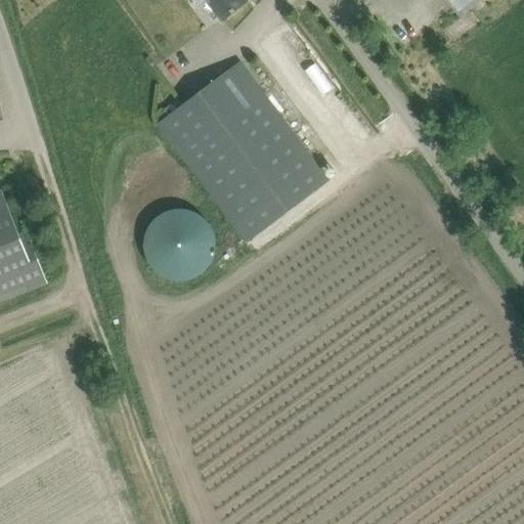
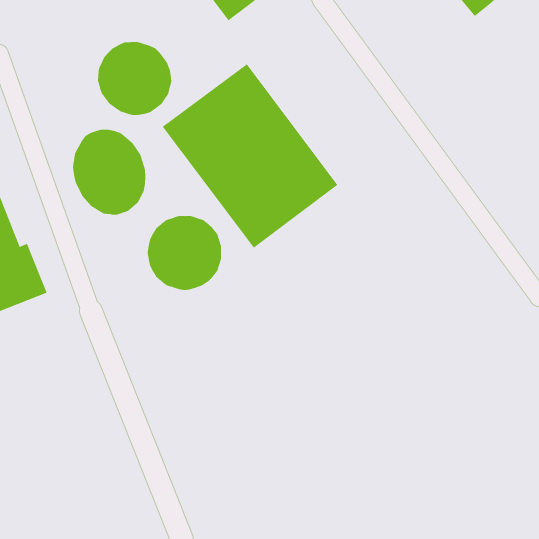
building: none -> [97,41,172,116]
building: none -> [72,129,146,215]

